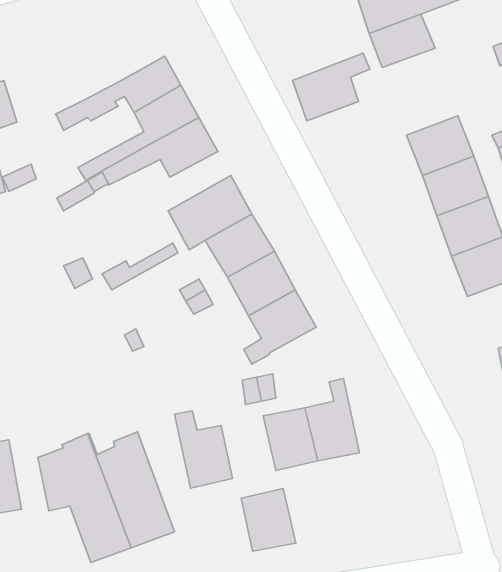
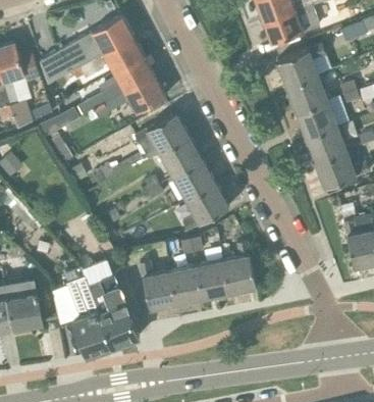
building: none -> [39,15,132,82]
building: [292,53,370,121] -> [276,44,325,87]
building: [241,488,296,551] -> [168,264,203,304]

